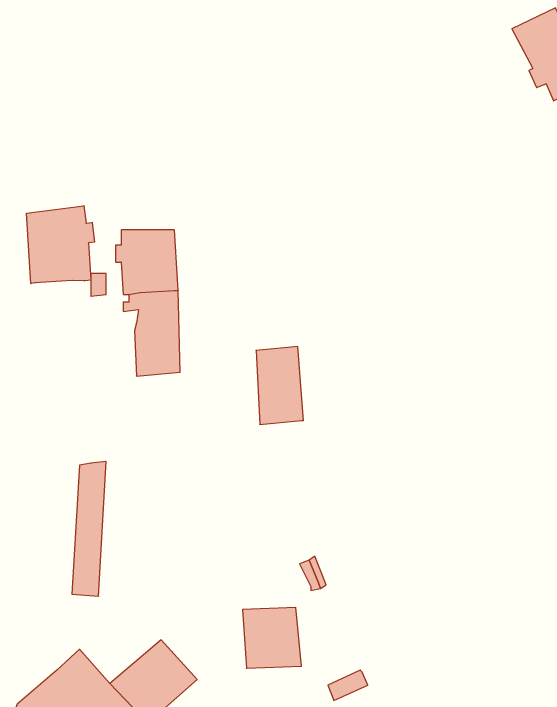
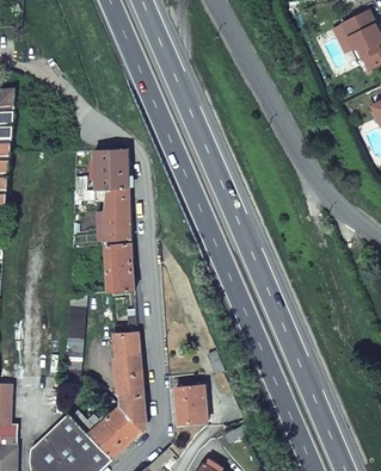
building: [27,206,95,284] -> none
building: [256,347,303,424] -> [104,243,134,292]
building: none -> [112,333,145,432]

